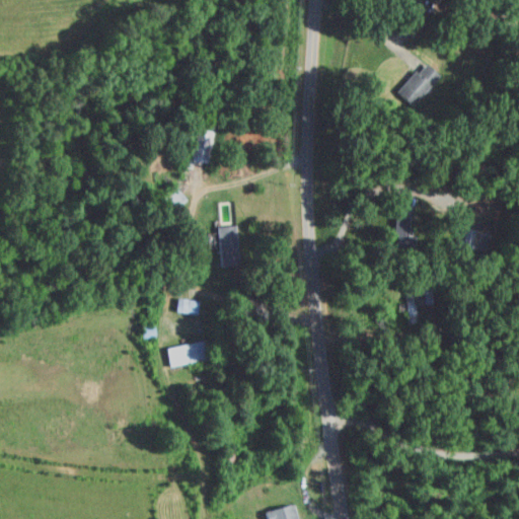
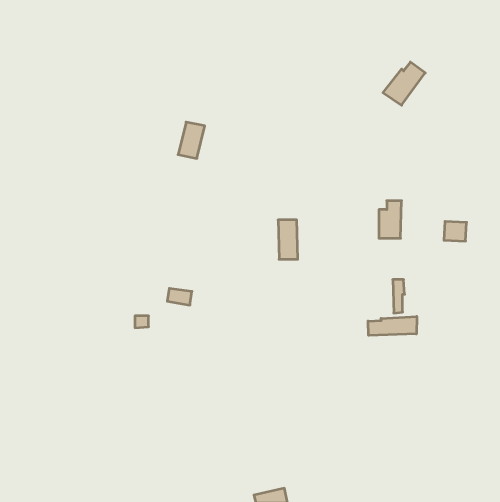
building: [219,226,239,267] -> [278,220,298,259]
building: none -> [368,316,417,335]
building: [166,340,211,368] -> none

